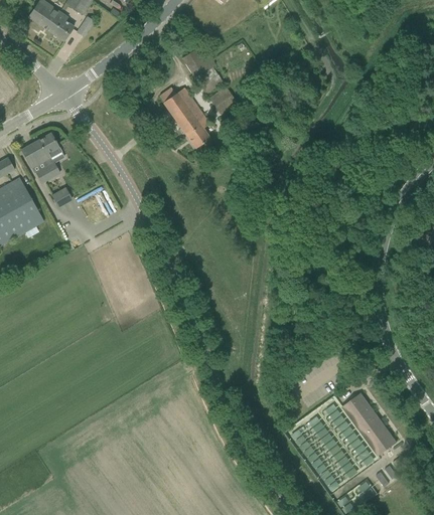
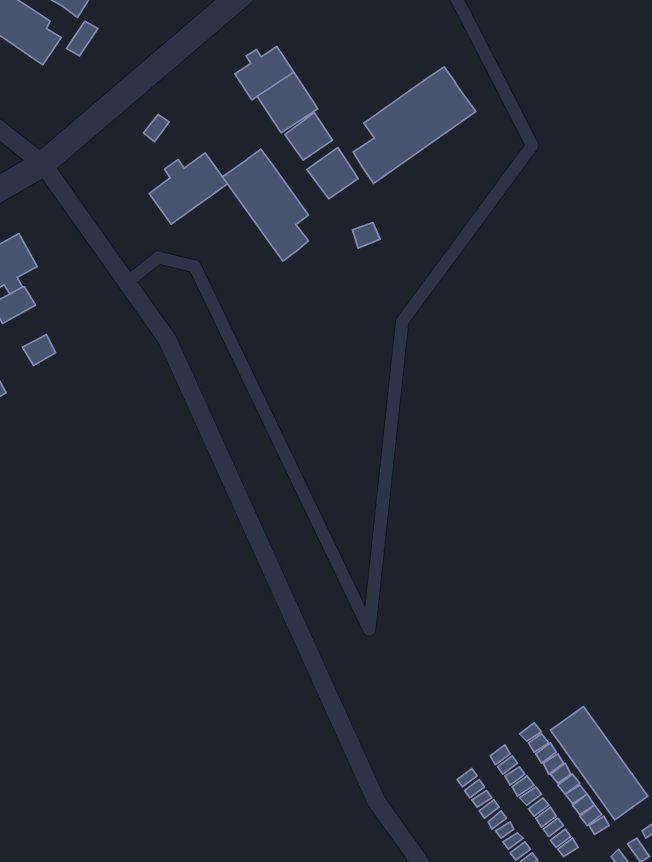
building: none -> [235,46,294,100]
building: none -> [353,67,476,184]
building: none -> [149,153,227,224]

